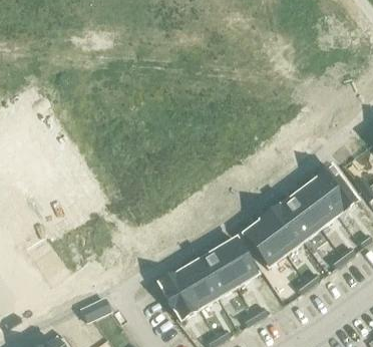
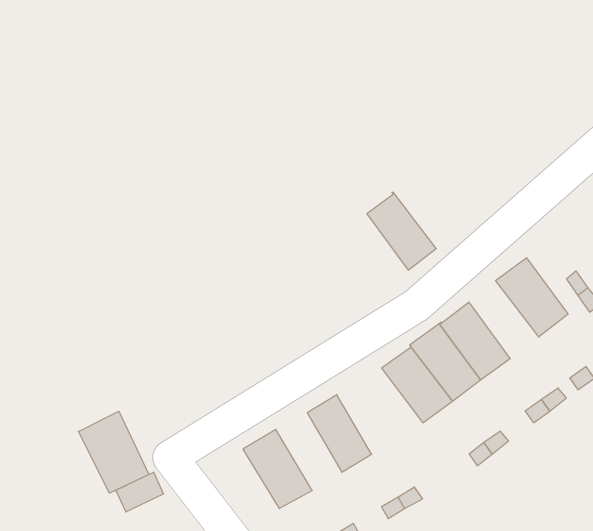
building: [296,181,338,228] -> [367,192,436,270]
building: [216,239,257,286] -> none
building: none -> [78,411,149,493]
building: [178,261,219,308] -> none

